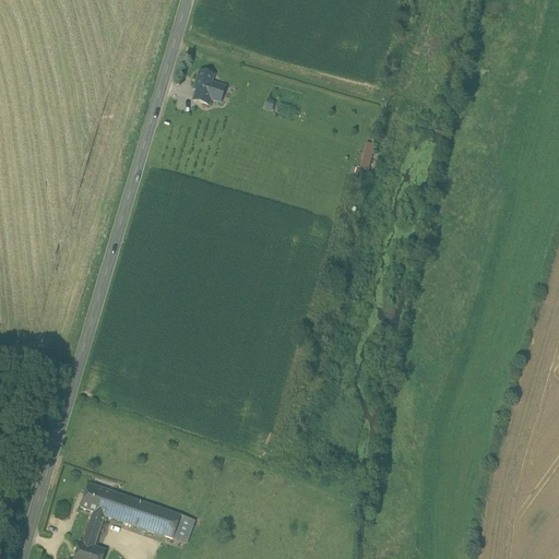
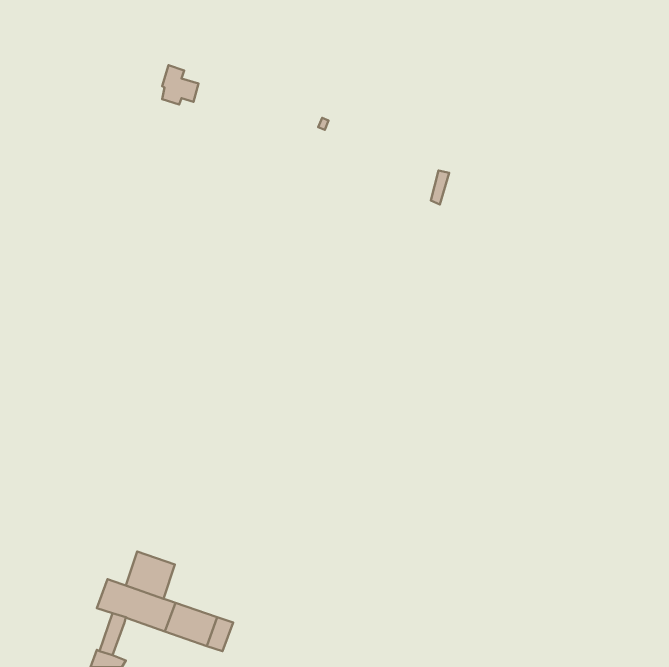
building: [194,70,225,103] -> [162,65,199,105]
building: none -> [126,551,175,599]

